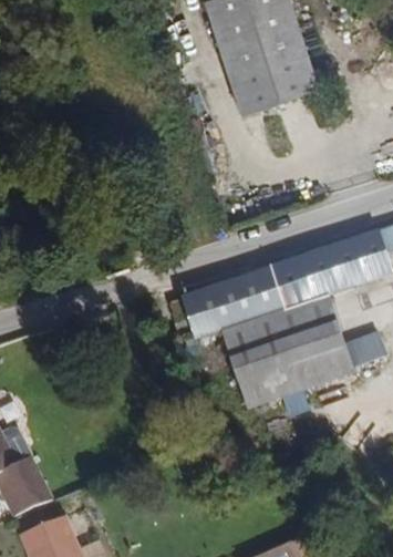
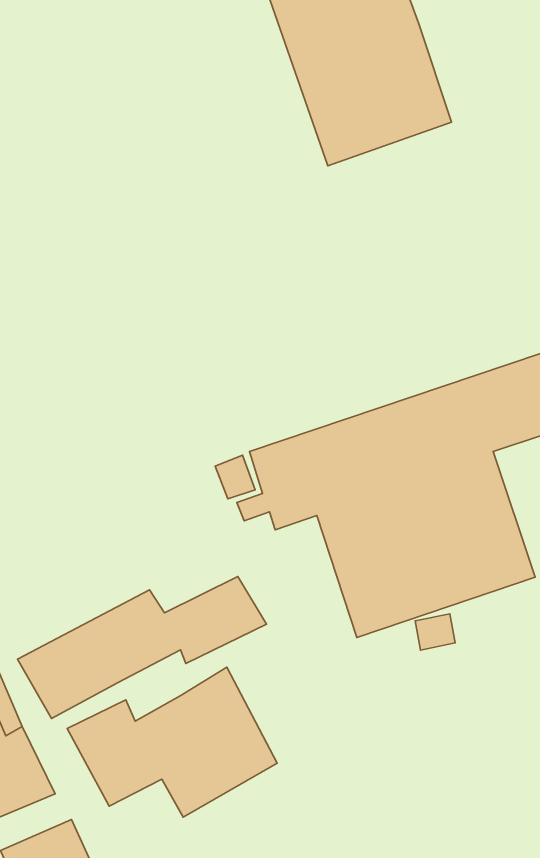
building: none -> [17,576,266,719]
building: none -> [67,667,277,817]

